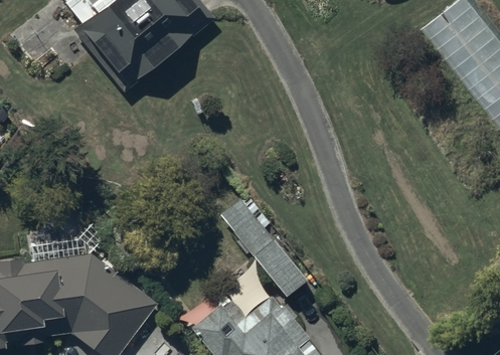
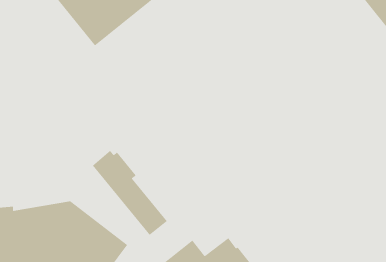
building: [217,195,305,295] -> [92,150,168,236]

